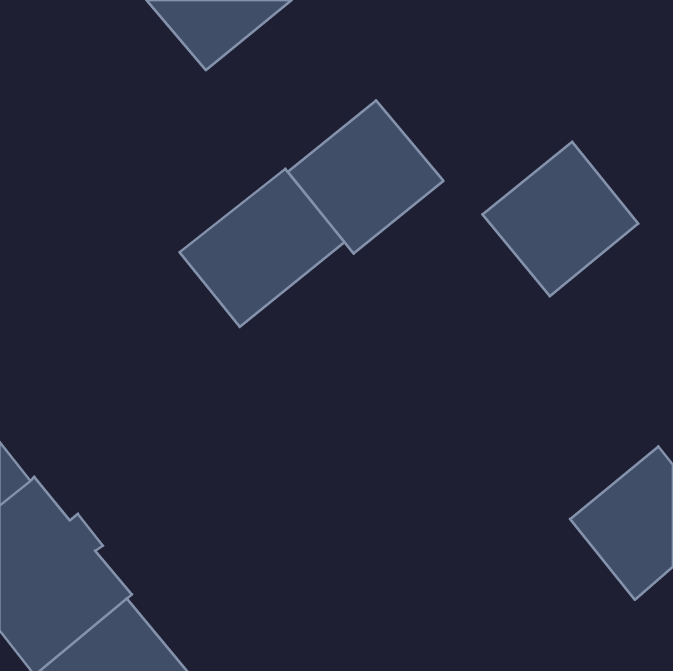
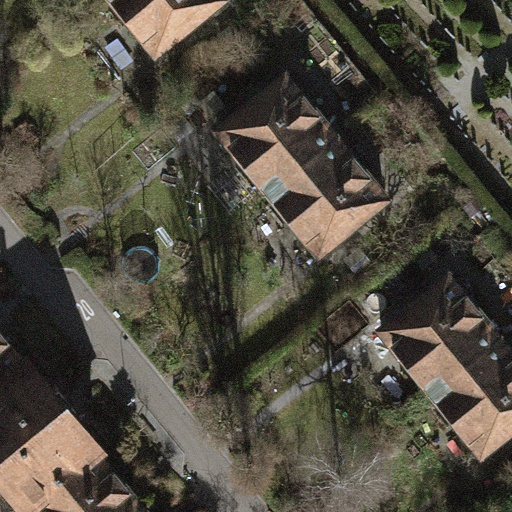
building: [482,142,638,296] -> [268,140,386,257]
building: [180,169,345,327] -> none
building: none -> [380,279,499,396]

